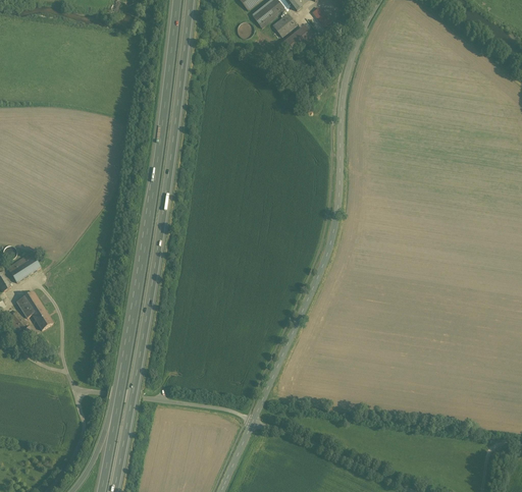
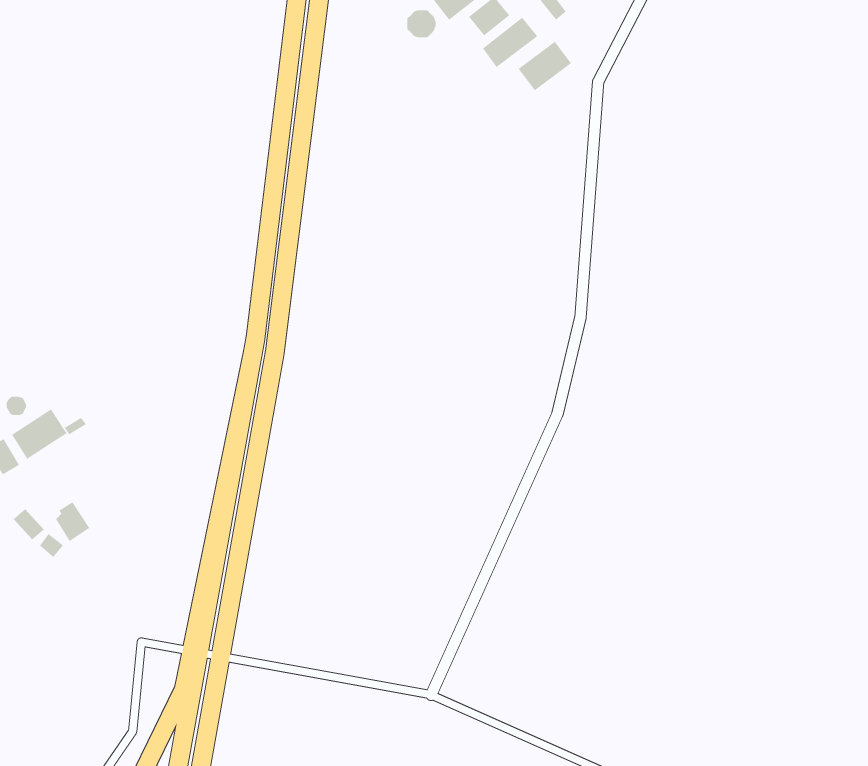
building: none -> [518,41,572,91]
building: [15,290,43,317] -> none

